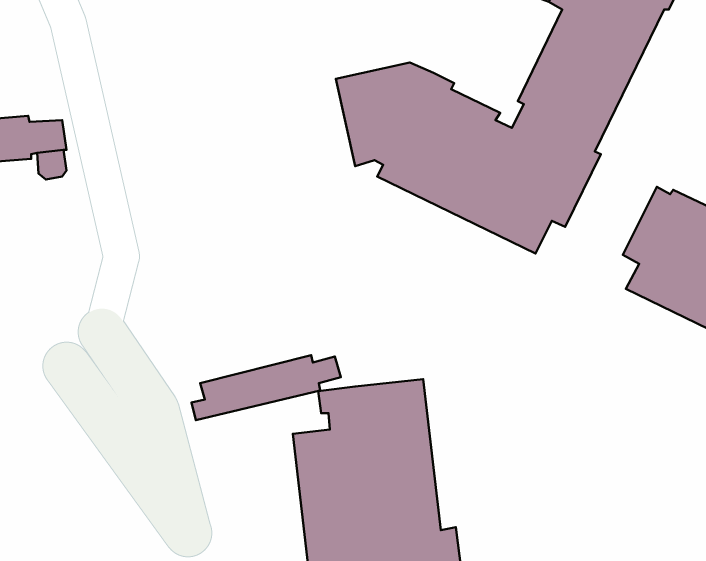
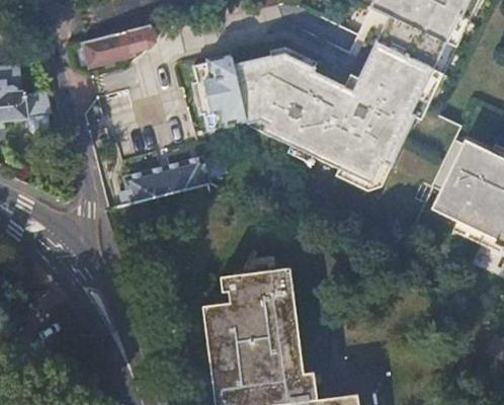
building: none -> [82,27,143,66]
building: none -> [193,54,247,131]
building: [191,355,341,420] -> [119,158,222,202]

